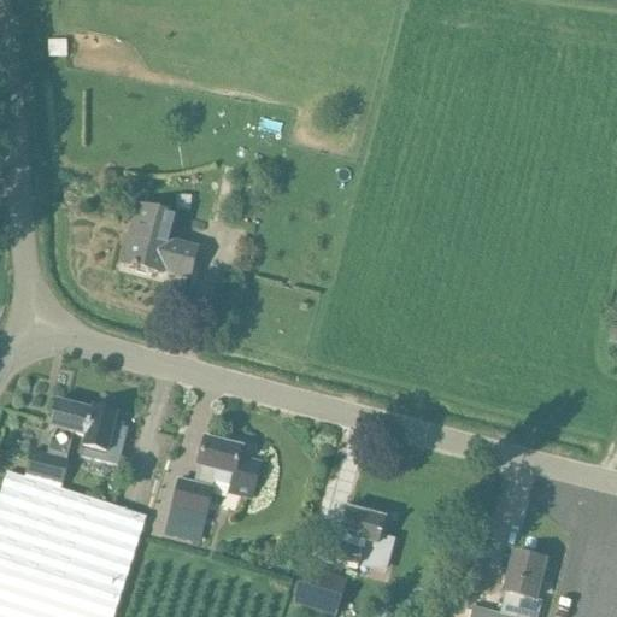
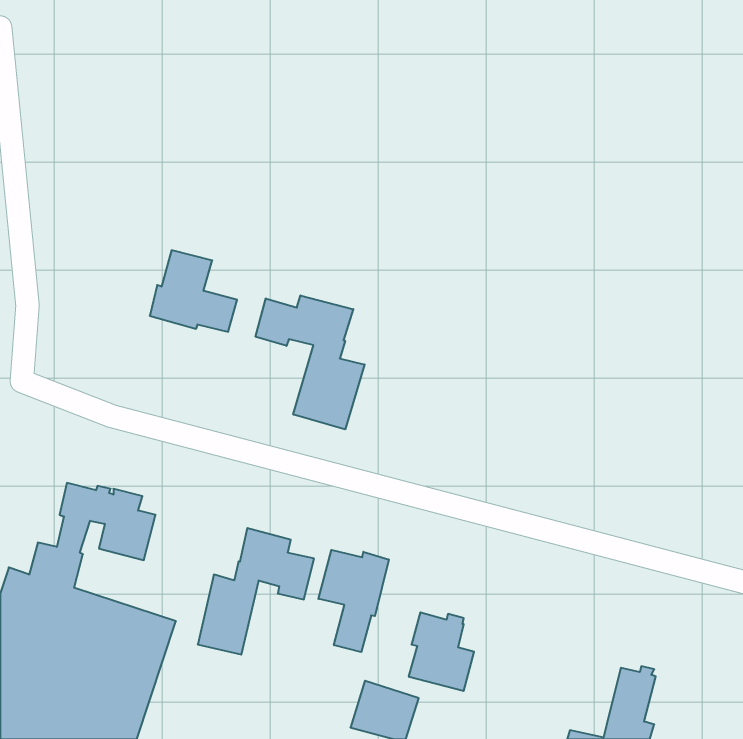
building: none -> [256,295,365,429]
building: none -> [318,550,389,652]

